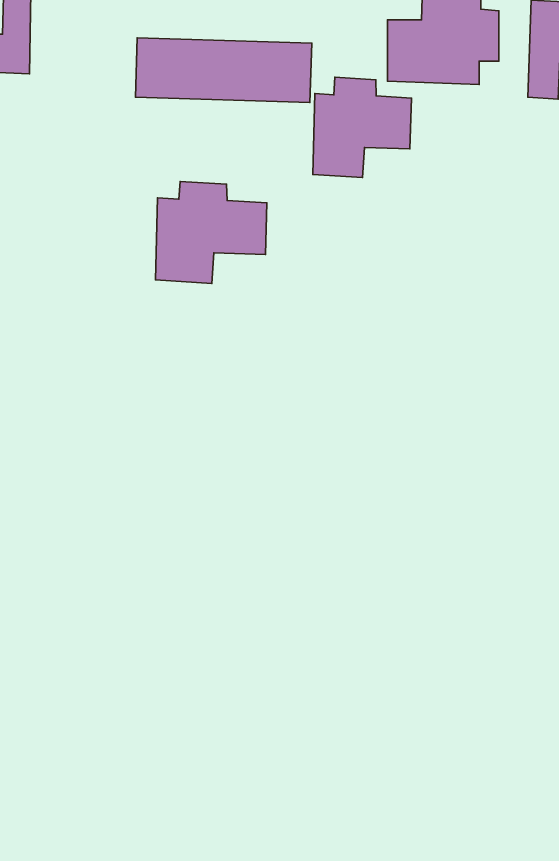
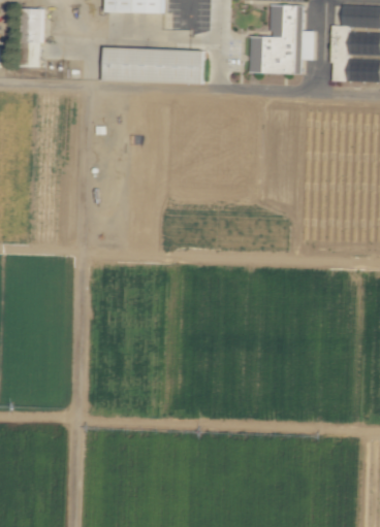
building: [313,77,411,178] -> none
building: [155,181,267,283] -> none

